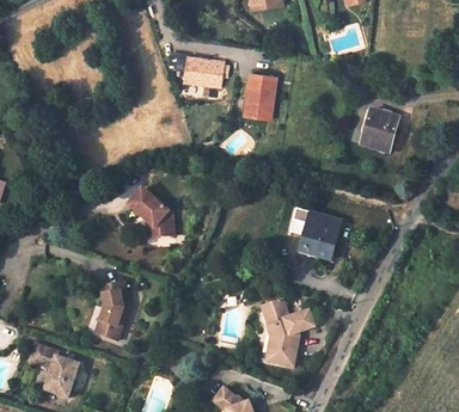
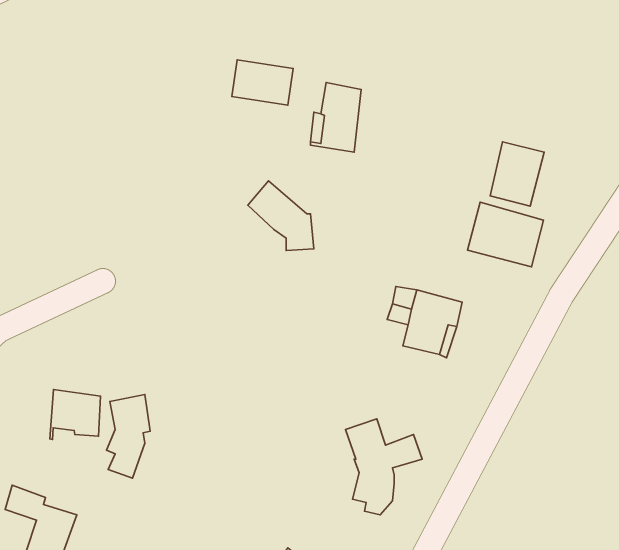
building: none -> [467,202,543,267]
building: [133,189,178,236] -> [248,181,314,250]
building: none -> [50,389,100,440]

